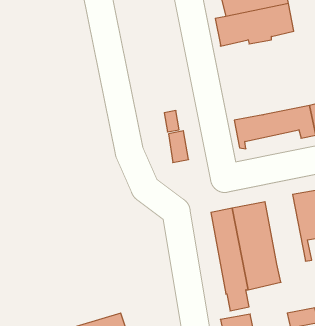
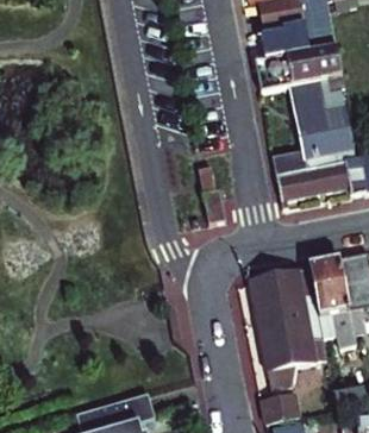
building: none -> [273,84,356,175]
building: none -> [311,257,356,349]

